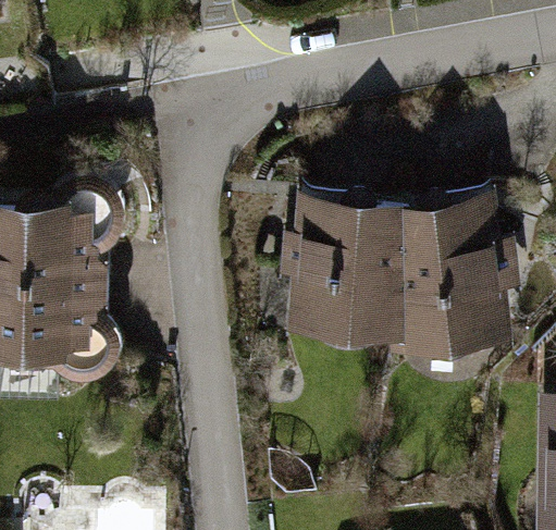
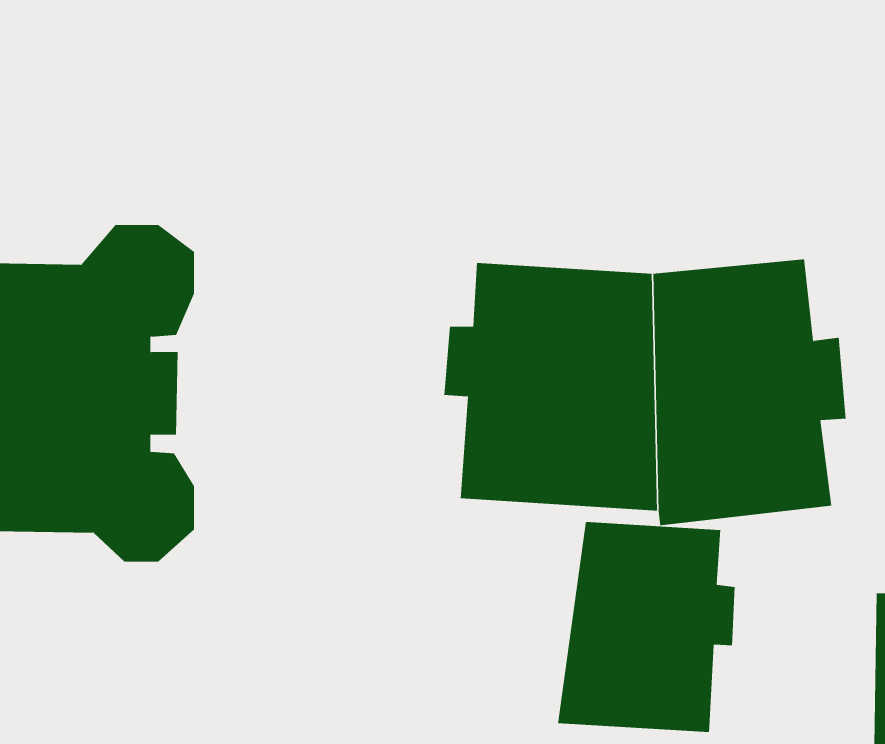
building: none -> [557,521,735,733]

